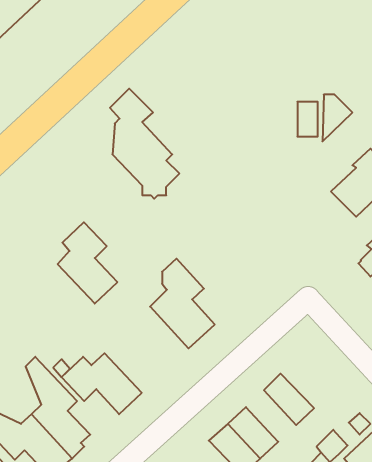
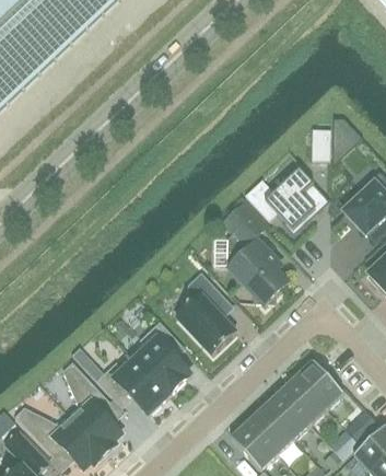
building: [110,89,179,199] -> [224,204,288,304]
building: none -> [265,166,323,233]
building: [58,222,117,304] -> [136,318,190,393]
building: none -> [296,360,343,407]
building: none -> [265,391,311,438]

